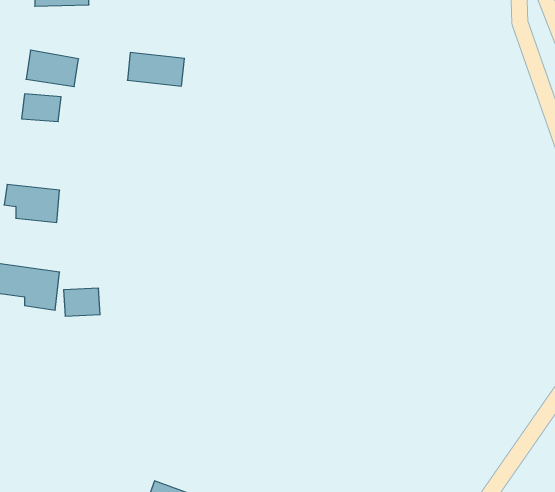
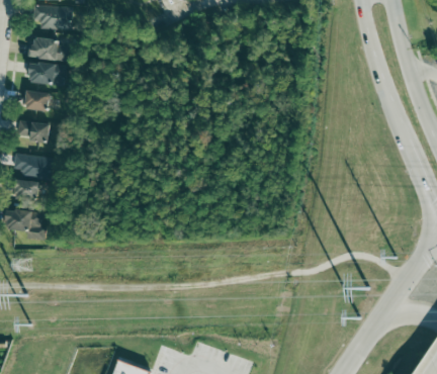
building: [127,53,184,86] -> [29,38,69,62]
building: none -> [16,119,49,144]
building: [64,288,100,316] -> [14,180,39,199]

